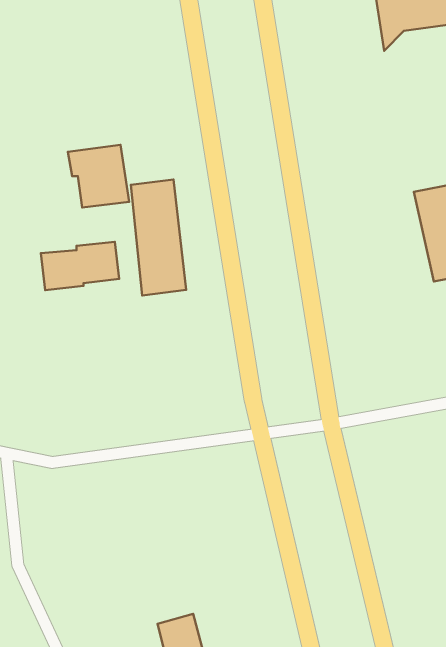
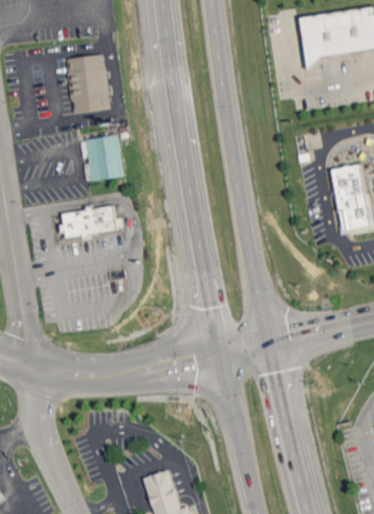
building: none -> [66,55,110,114]
building: [131,180,186,295] -> none

